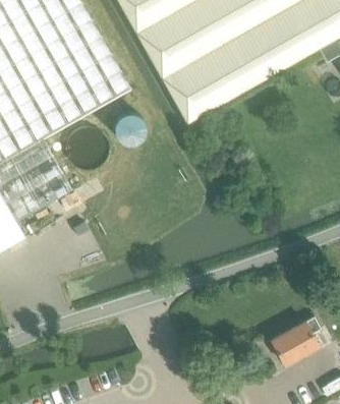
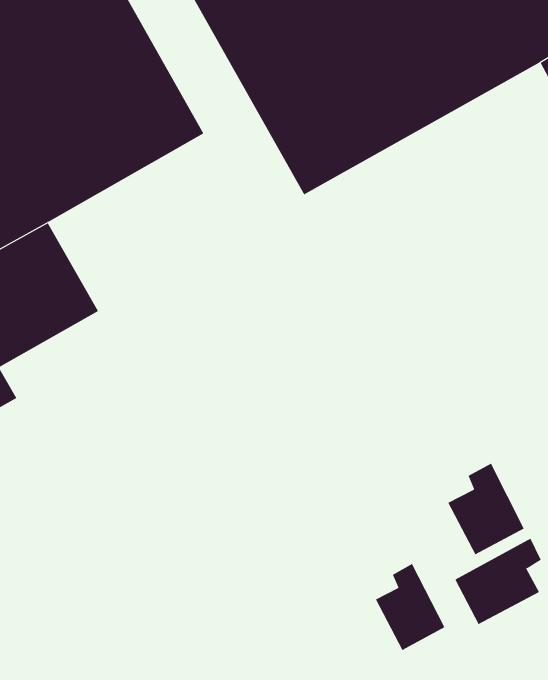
building: none -> [447,463,525,555]
building: none -> [375,563,445,651]

